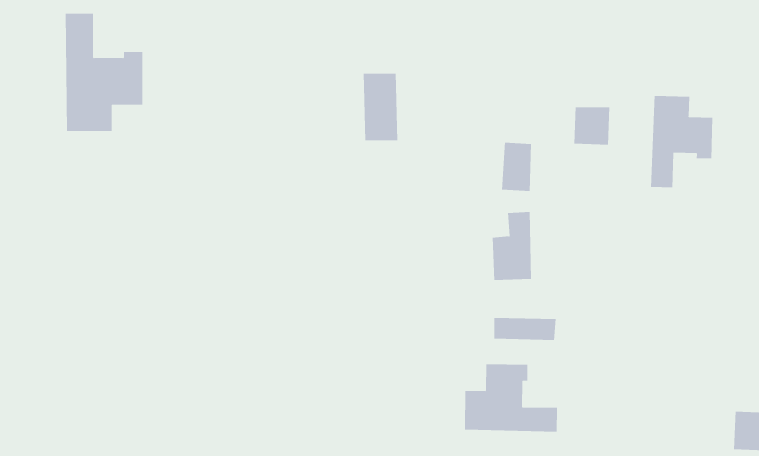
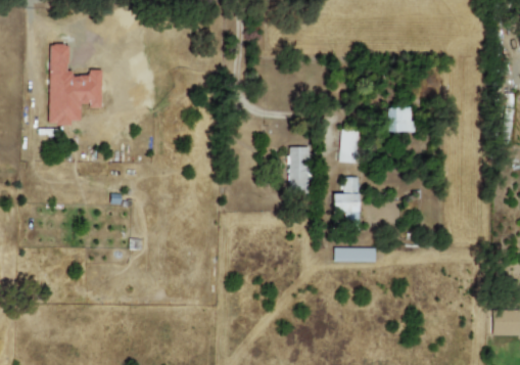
building: [363,73,398,141] -> [288,146,312,191]
building: [650,95,713,188] -> none
building: [464,364,557,433] -> none

